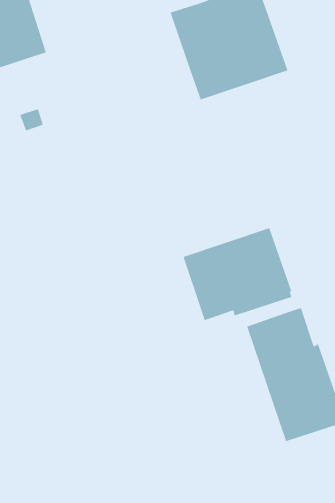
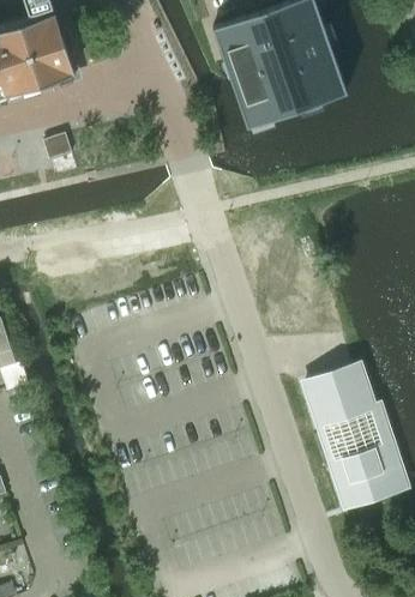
building: [183,227,292,321] -> none

